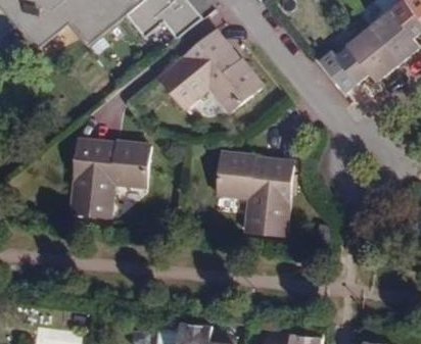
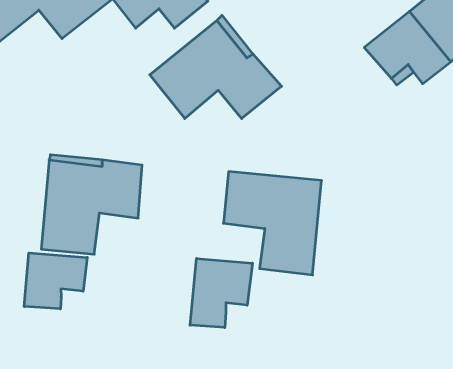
building: none -> [24,253,87,309]
building: none -> [190,258,252,328]

